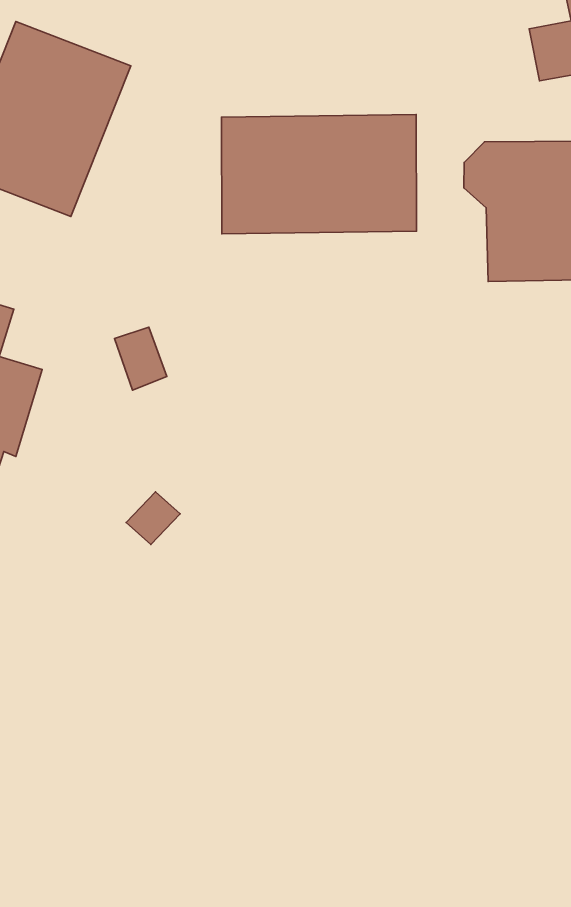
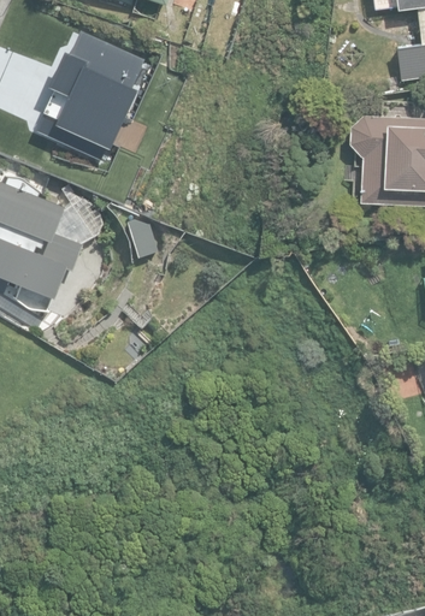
building: [222,114,416,234] -> none

